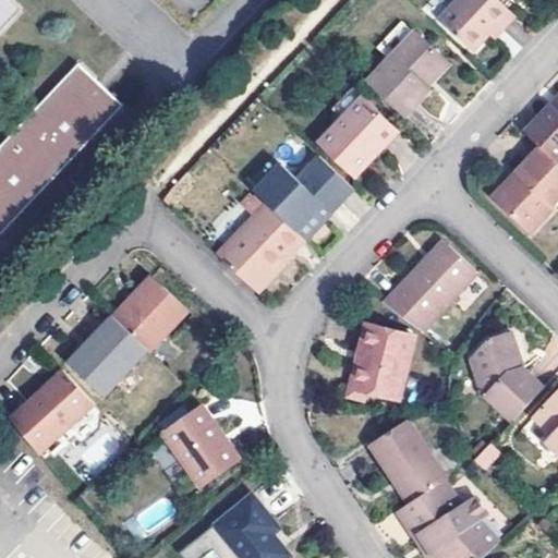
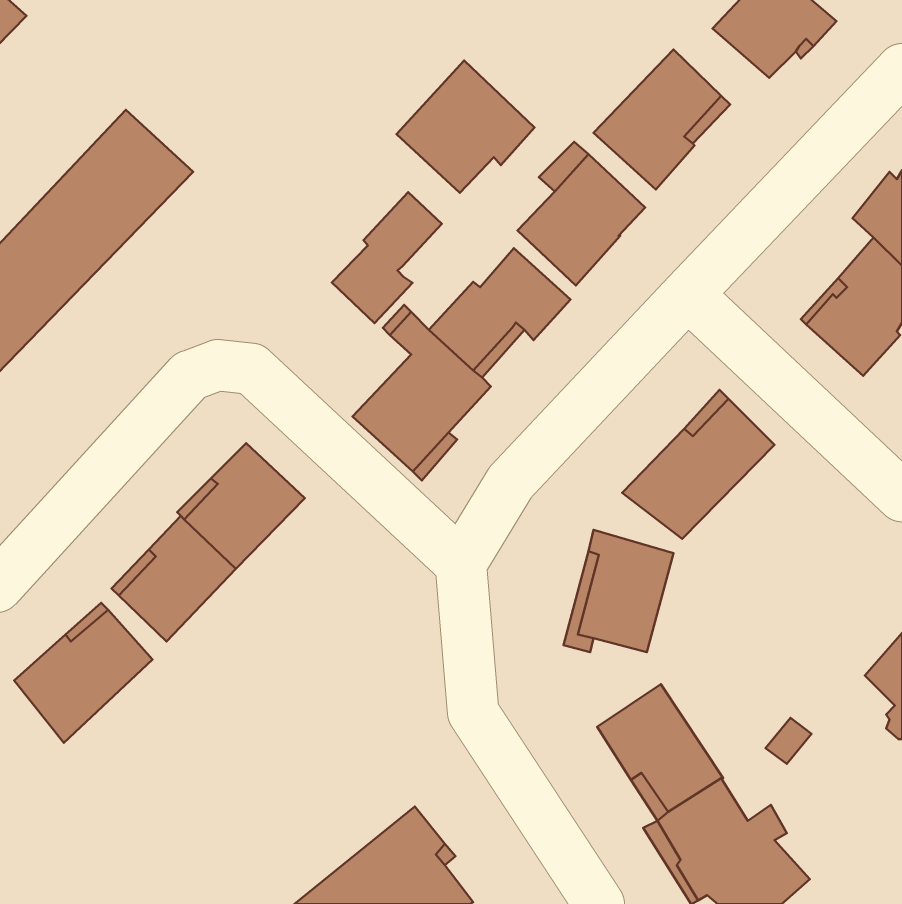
building: none -> [397,61,534,193]
building: none -> [332,192,442,323]
building: [465,333,542,422] -> none
building: [163,405,240,488] -> none

